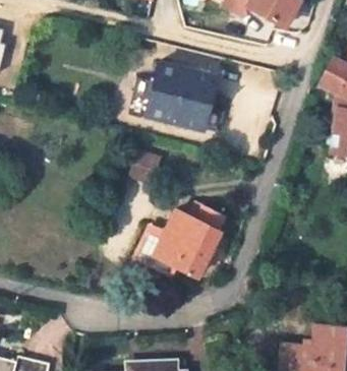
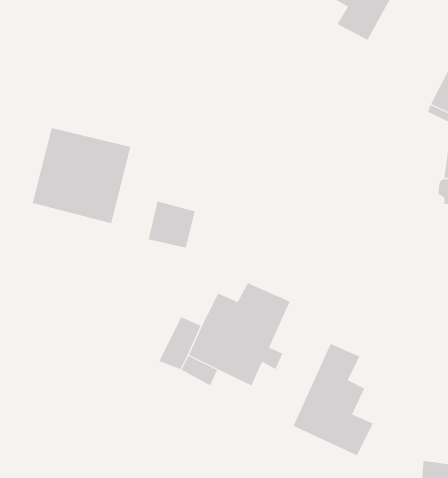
building: [148,62,216,128] -> [32,127,131,224]
building: none -> [293,343,374,456]

